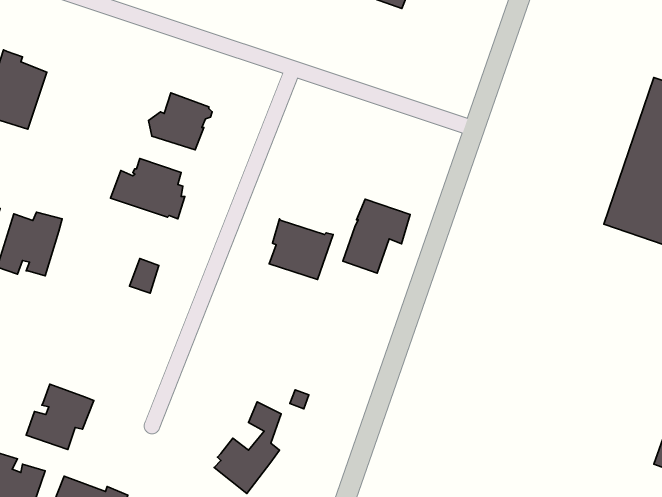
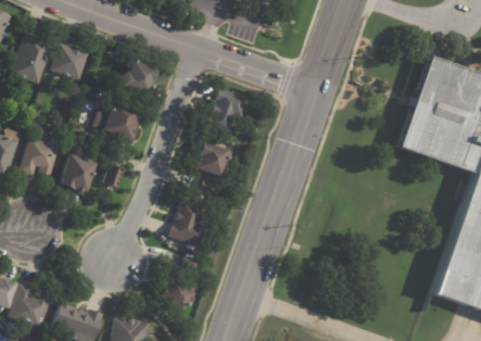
building: none -> [50,41,88,79]
building: [343,199,410,273] -> [203,87,245,134]
building: none -> [56,154,93,193]
building: none -> [166,198,204,247]
building: [26,384,94,450] -> none

